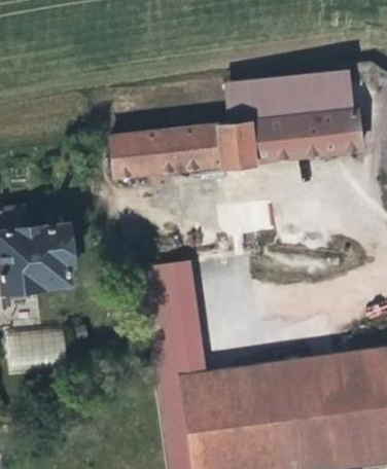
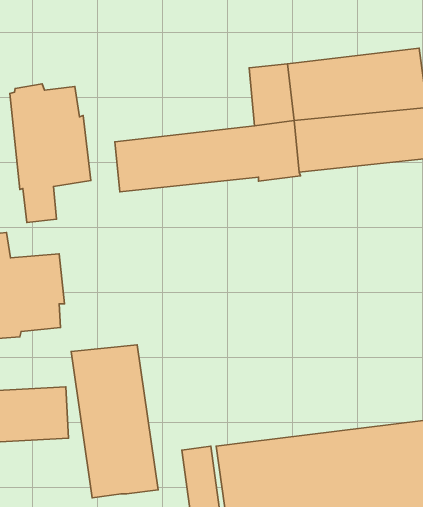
building: none -> [10,84,91,223]
building: [145,259,213,378] -> [71,345,158,498]

